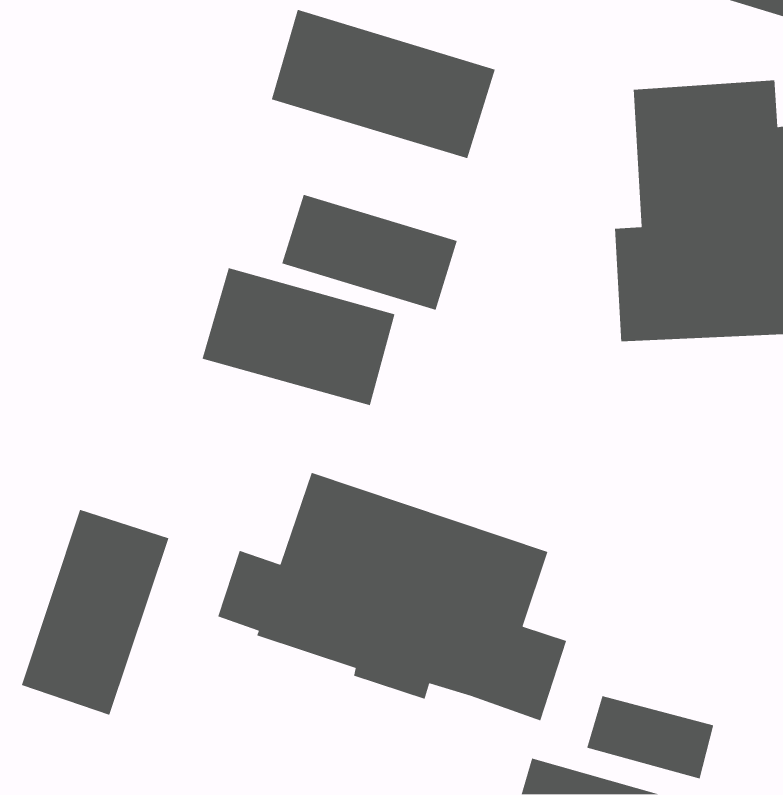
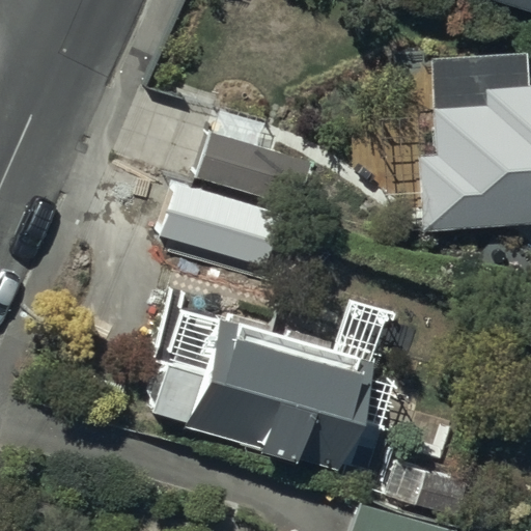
building: [271,9,496,159] -> none
building: [21,509,170,716] -> none

